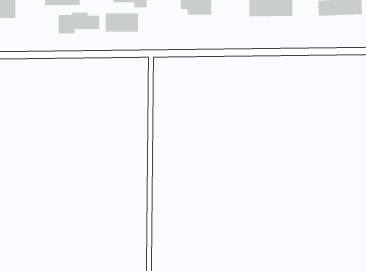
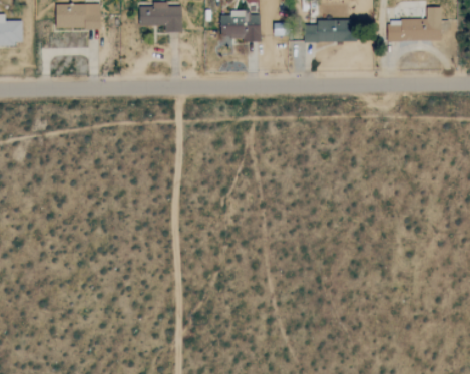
building: [58,12,100,34] -> none
building: [105,13,138,33] -> none

